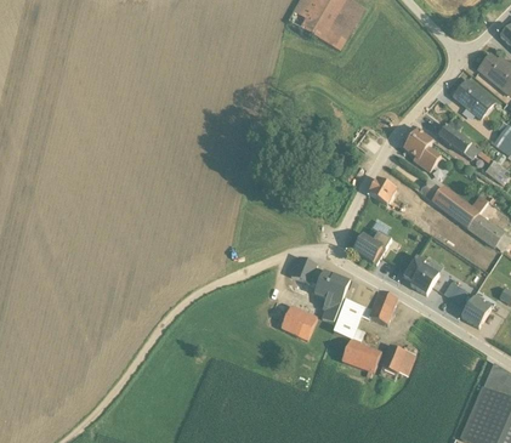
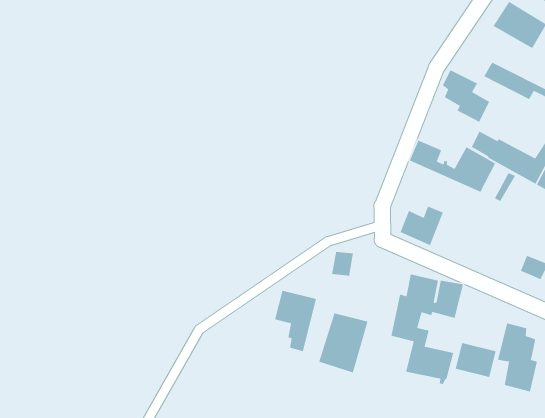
building: [403,255,443,294] -> none
building: [313,269,350,322] -> [274,290,317,352]
building: none -> [497,323,538,392]

